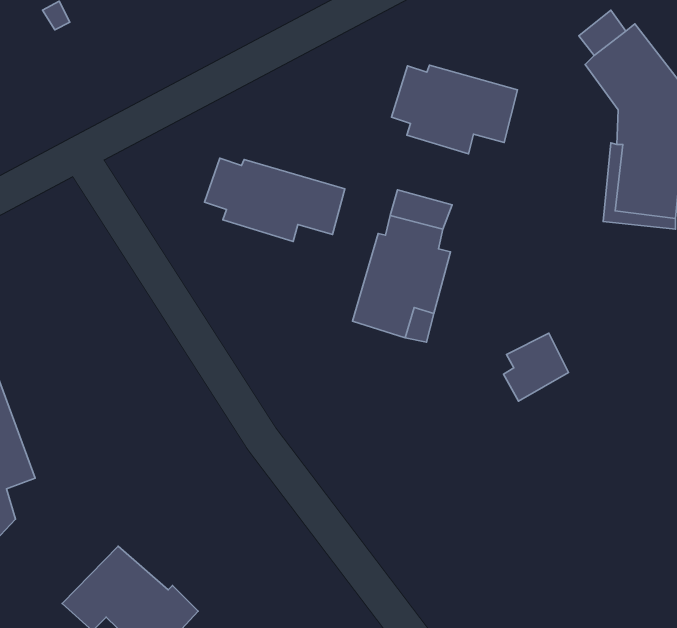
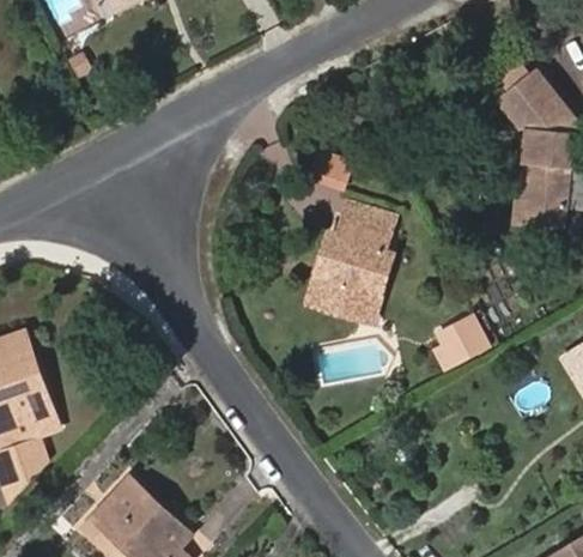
building: [391,65,518,154] -> none
building: [205,158,345,242] -> none

